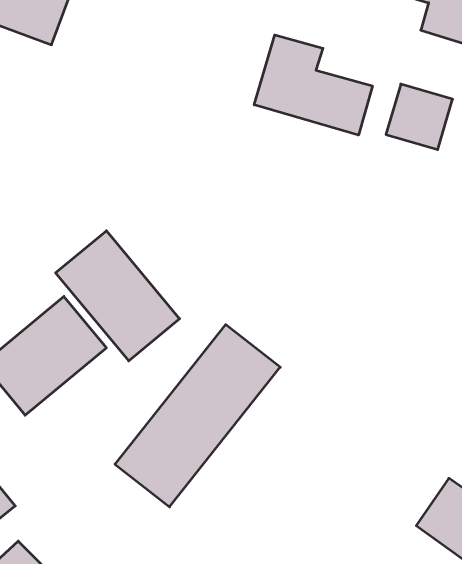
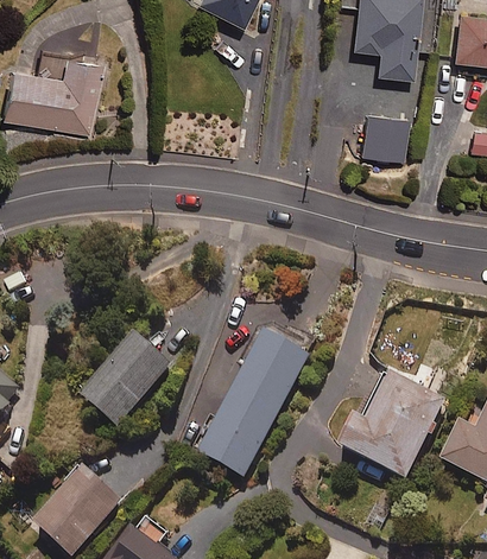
building: [254,35,372,135] -> none
building: [56,231,180,361] -> none
building: none -> [335,373,444,479]

